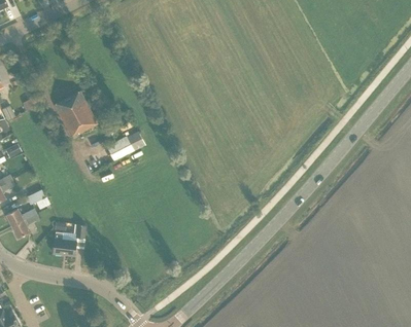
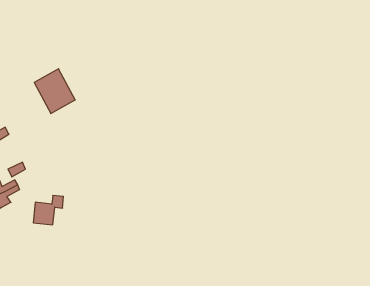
building: [106,131,144,160] -> none

